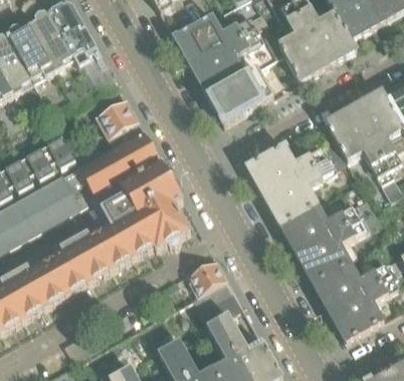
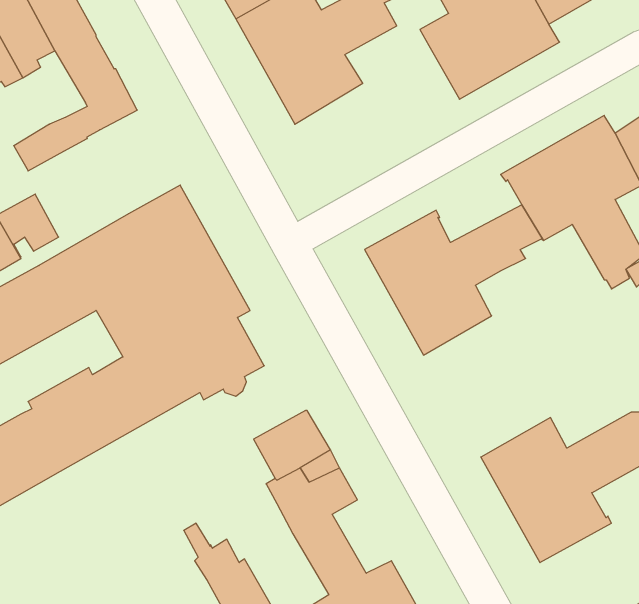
building: [207,64,273,123] -> none
building: [96,96,143,144] -> none
building: [279,196,381,281] -> none

